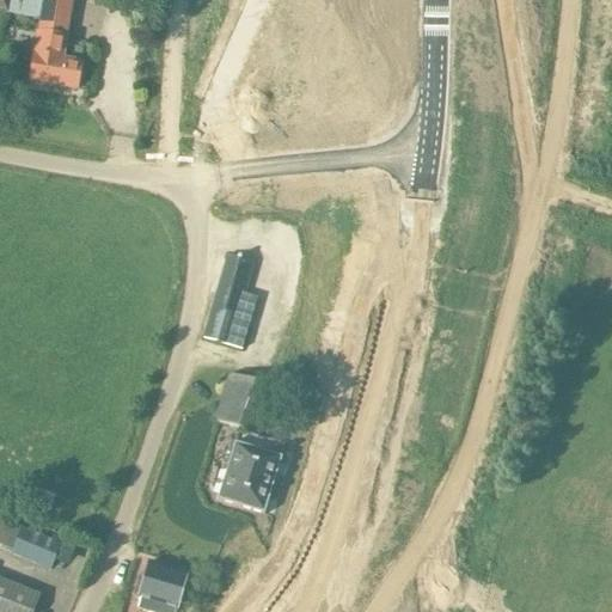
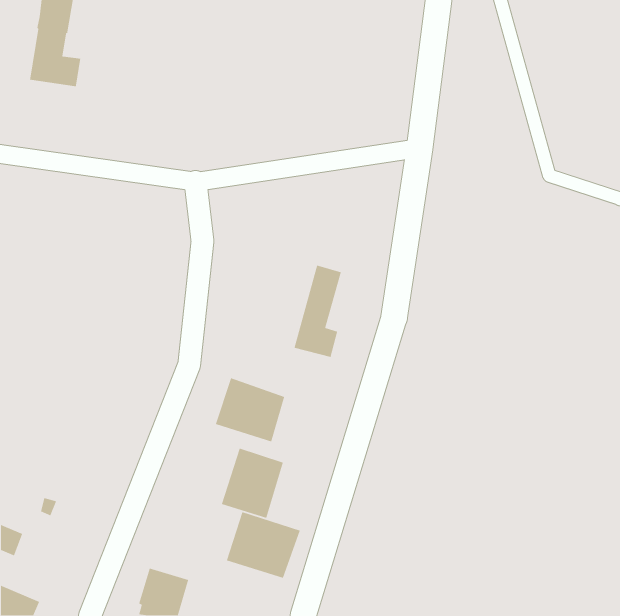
building: [204,253,252,345] -> [293,265,342,358]
building: none -> [226,511,301,579]
building: [13,530,60,569] -> none

